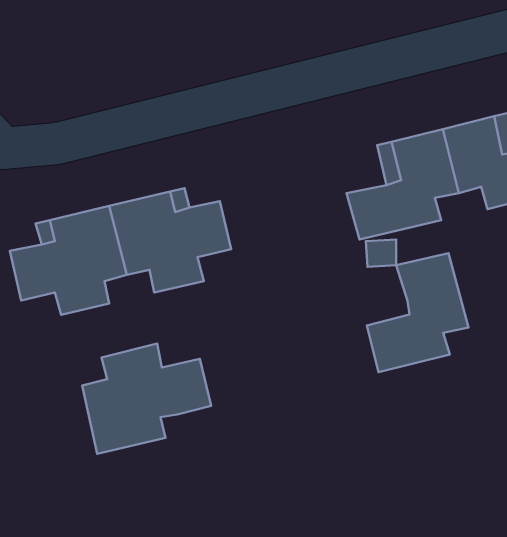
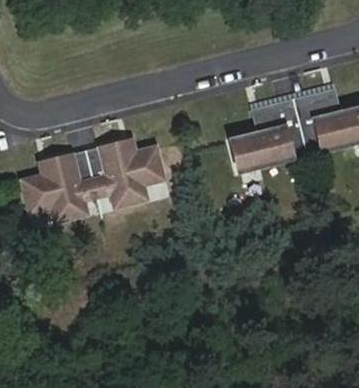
building: [367,253,468,372] -> none
building: [82,344,211,454] -> none

